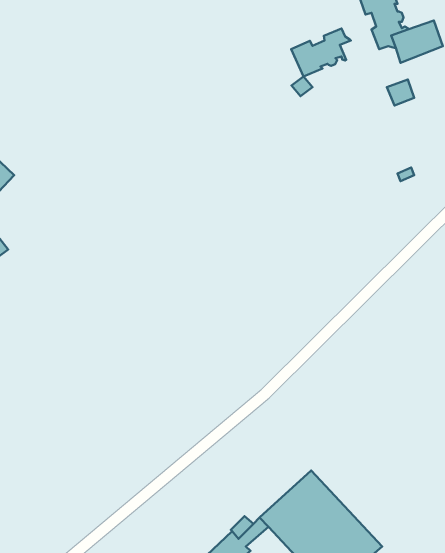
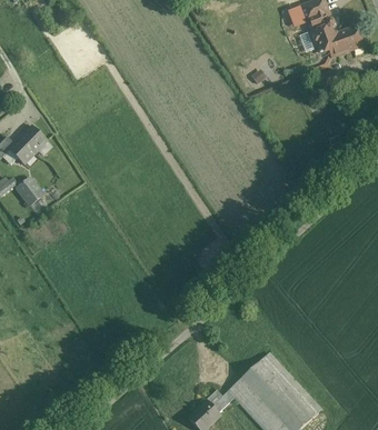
building: [291,29,351,77] -> none

